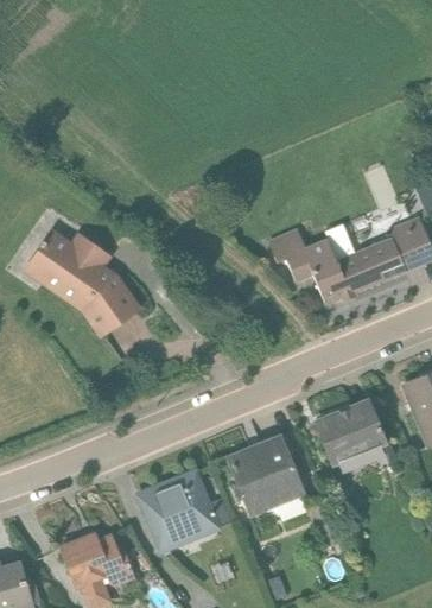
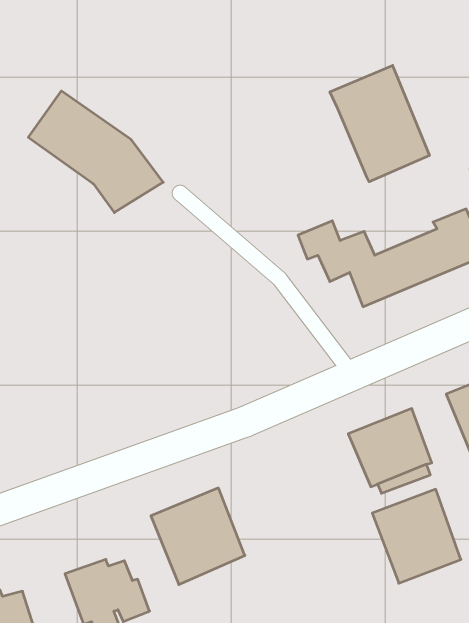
building: none -> [330,65,429,182]
building: [23,228,144,337] -> [28,91,163,213]
building: [227,433,306,518] -> [372,489,461,583]

